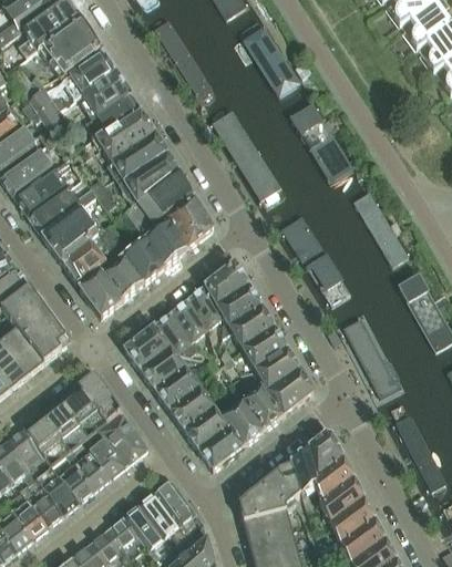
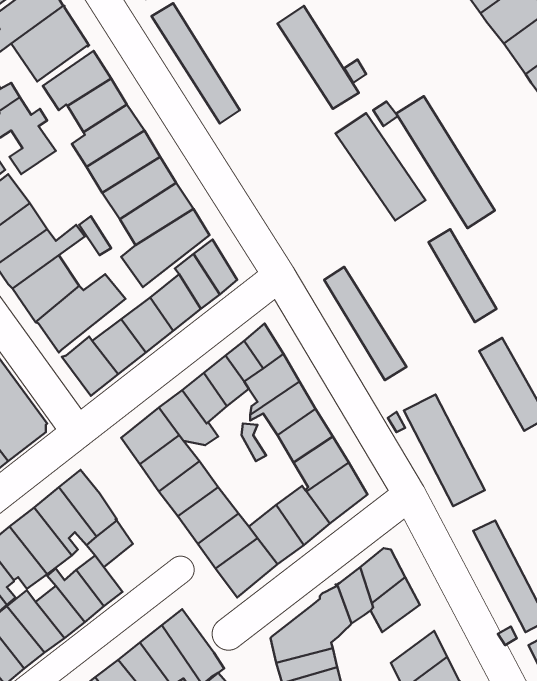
building: [208,107,284,208] -> [396,96,495,228]
building: [111,429,147,465] -> none
building: [320,475,363,519] -> none

